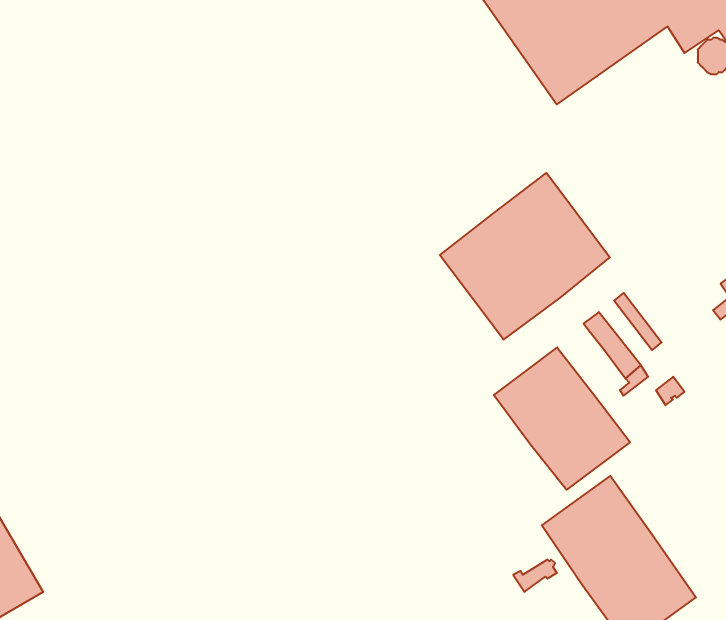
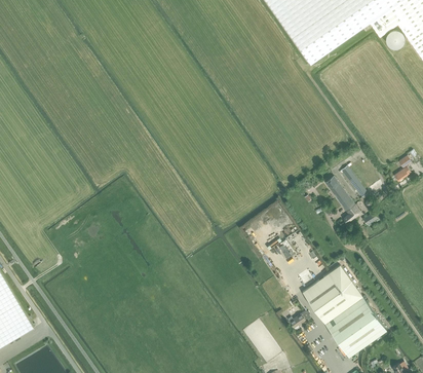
building: [440,173,610,340] -> none
building: [494,347,630,490] -> none

